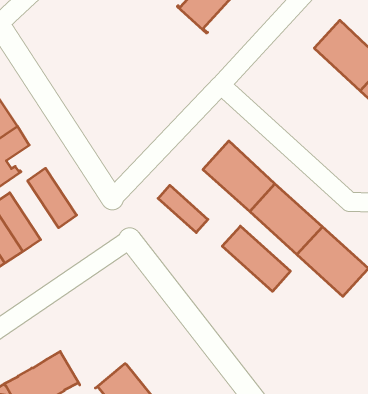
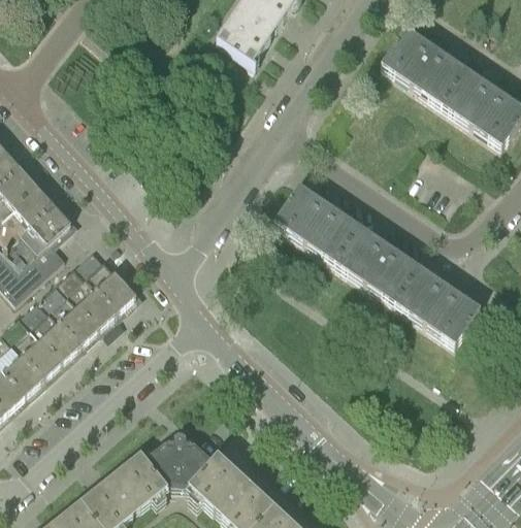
building: none -> [58,264,120,329]
building: [158,185,208,233] -> none
building: [222,226,290,291] -> none
building: none -> [142,431,216,490]

